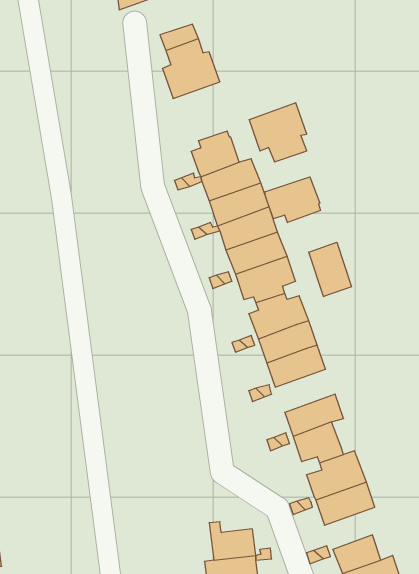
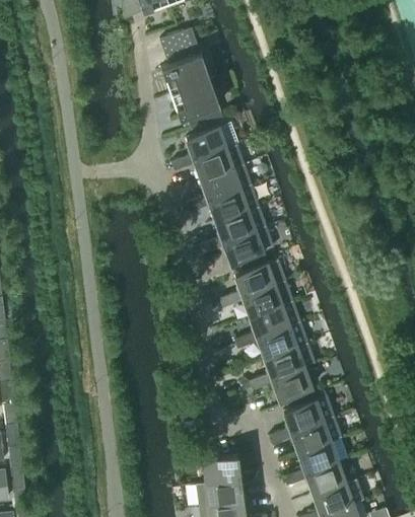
building: [249,103,307,162] -> [169,77,218,127]
building: [265,177,321,223] -> none
building: [309,242,352,297] -> none
building: none -> [256,319,306,356]
building: none -> [297,436,347,471]

